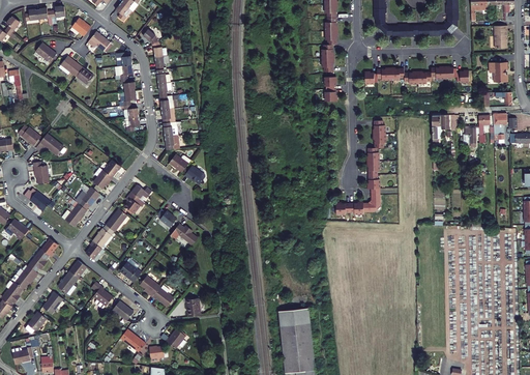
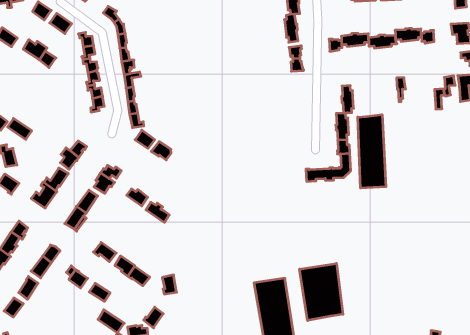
building: none -> [358,115,386,188]
building: none -> [300,263,343,321]

